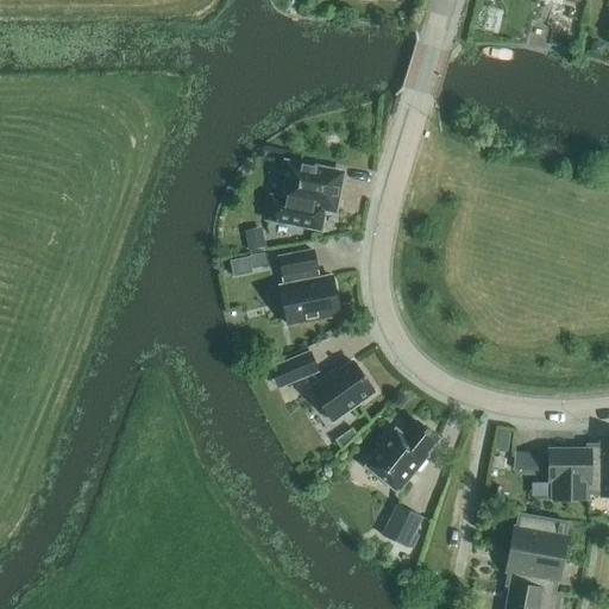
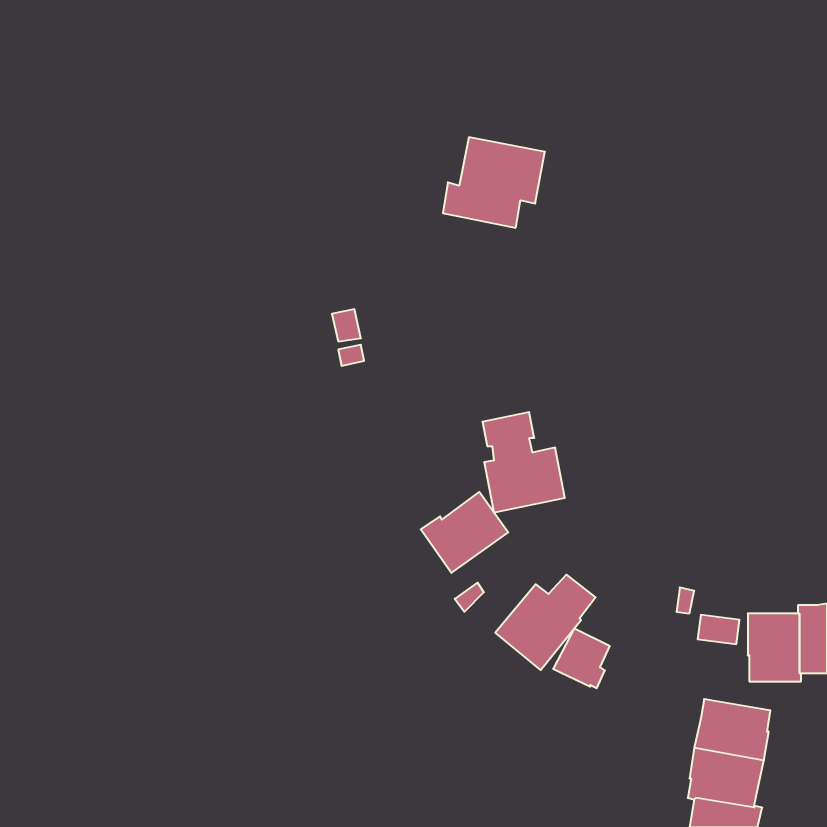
building: [266,163,341,230] -> [443,137,545,228]
building: [278,251,339,325] -> [482,412,565,512]
building: [278,352,318,384] -> none
building: [381,506,422,550] -> [553,628,610,688]

